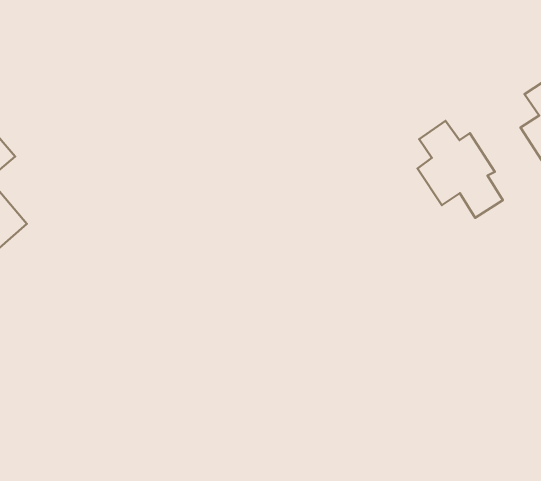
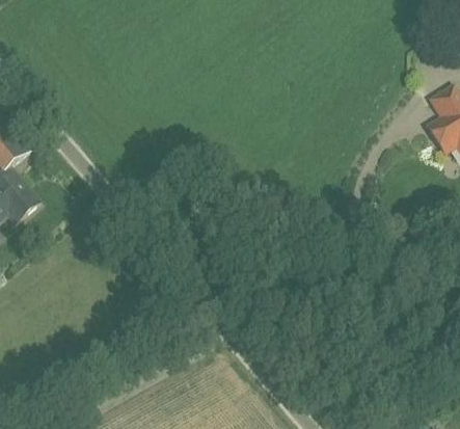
building: [417,121,503,218] -> none

